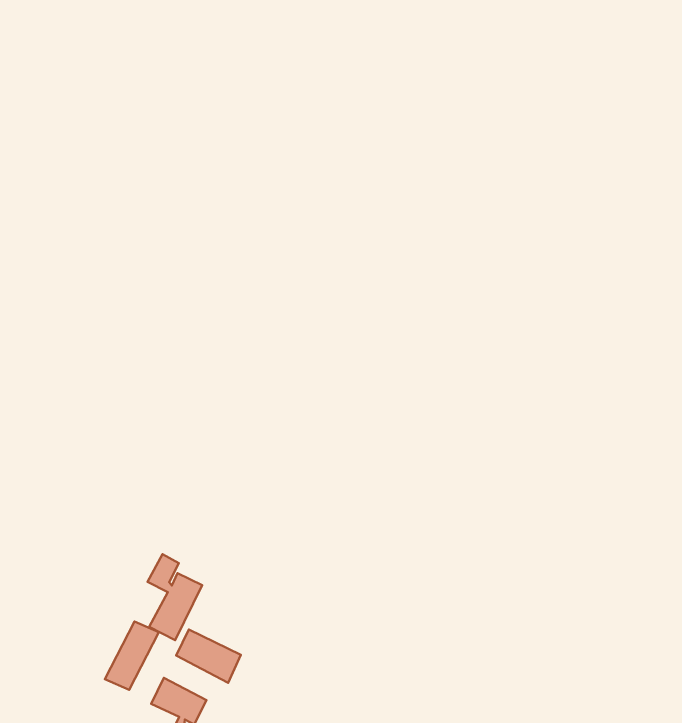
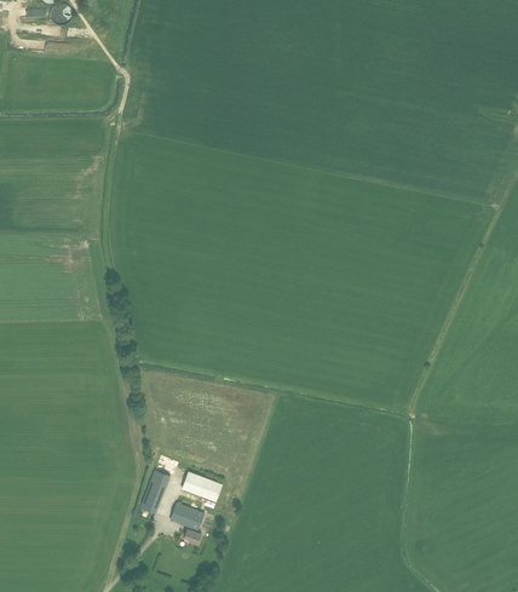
building: [147,554,202,640] -> none

